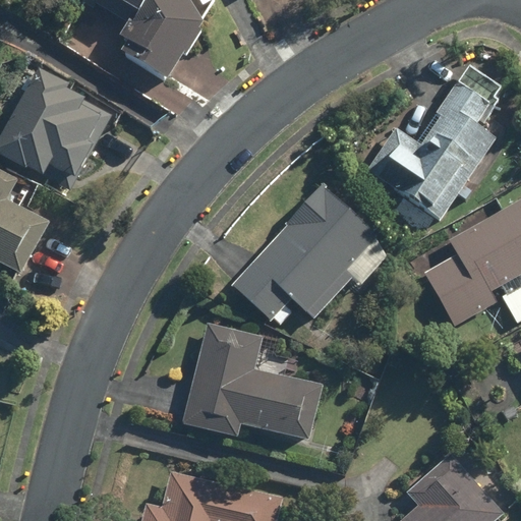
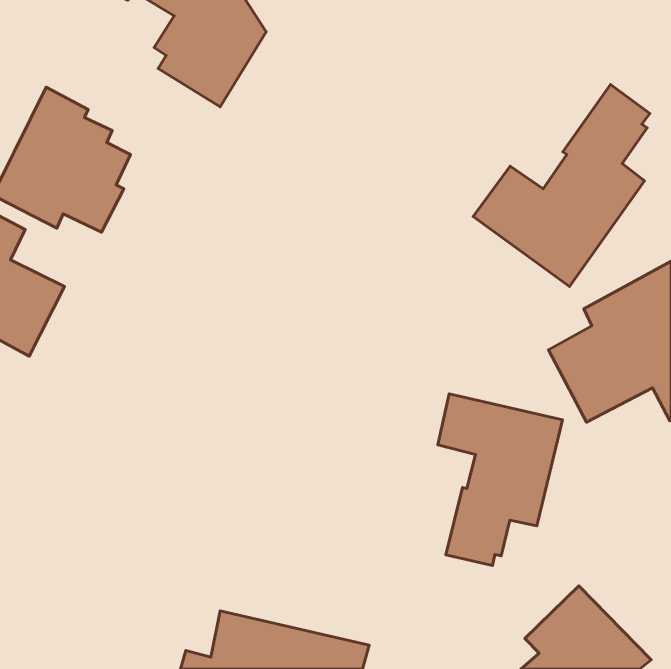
building: [232,185,391,323] -> none
building: none -> [438,394,563,565]
building: [182,321,322,439] -> none

